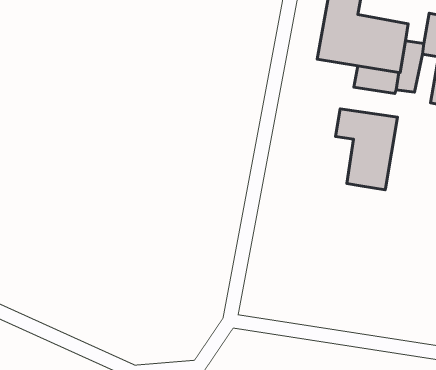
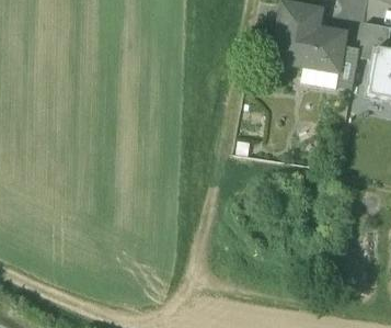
building: [336,109,397,190] -> none

